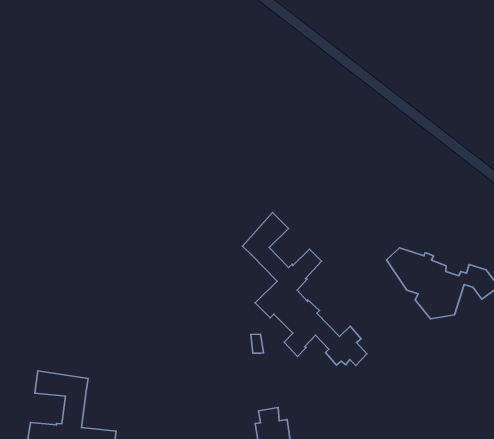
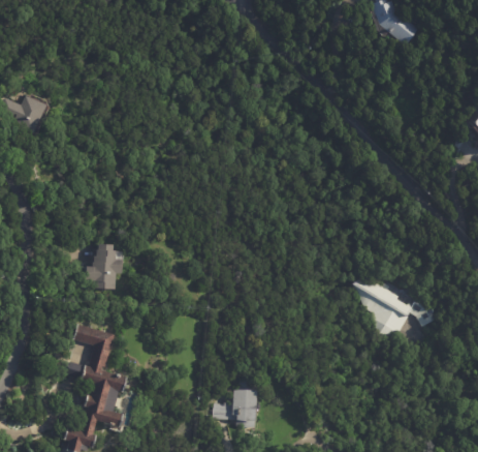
building: [242,212,367,366] -> none
building: none -> [86,244,122,289]

